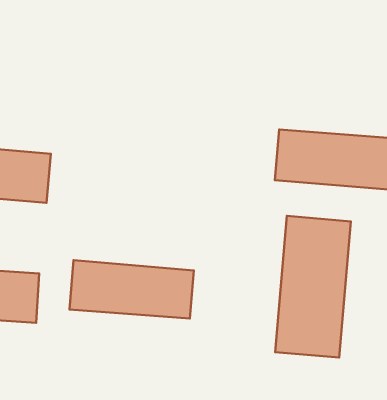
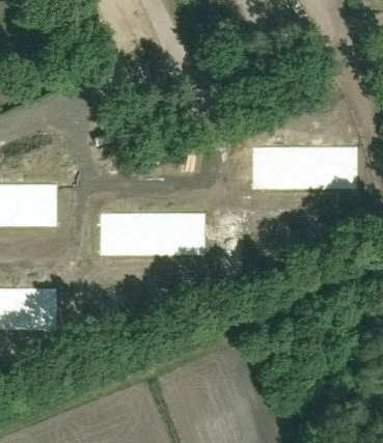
building: [275,216,351,358] -> none
building: [69,260,194,318] -> [100,214,203,256]

